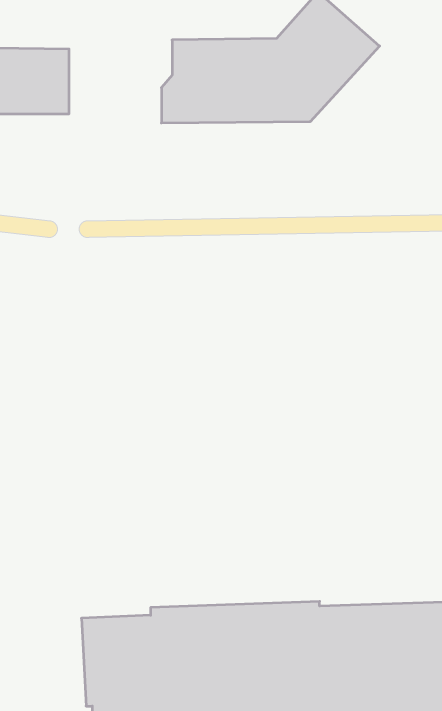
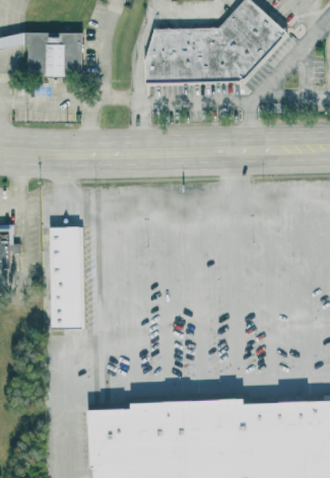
building: none -> [52,225,82,327]

